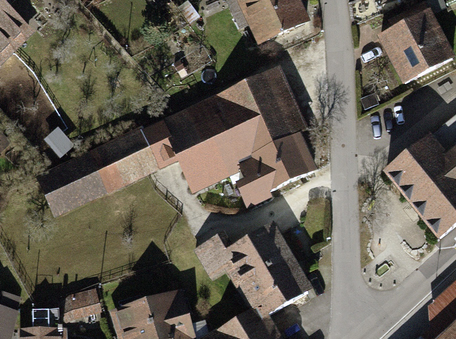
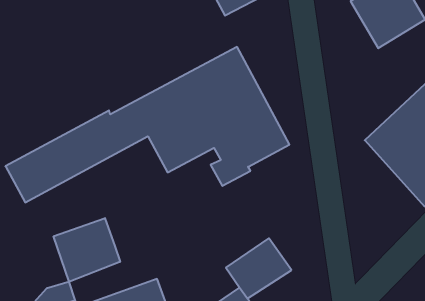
building: [197,223,290,284] -> none
building: none -> [54,218,120,282]

